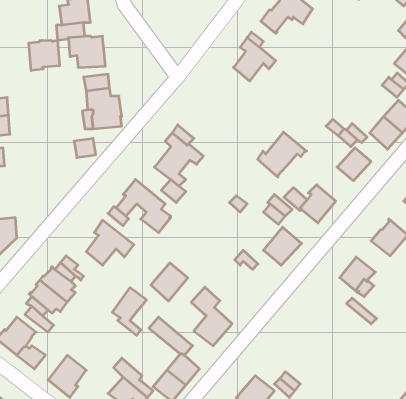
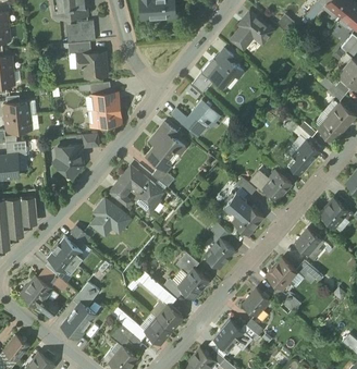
building: [29,40,59,71] -> none
building: [258,132,307,177] -> [181,101,220,137]
building: none -> [56,146,82,177]
building: [151,263,188,301] -> [205,238,234,269]
building: [112,288,146,335] -> [72,281,99,319]
building: none -> [266,259,296,293]
building: none -> [243,288,271,318]

